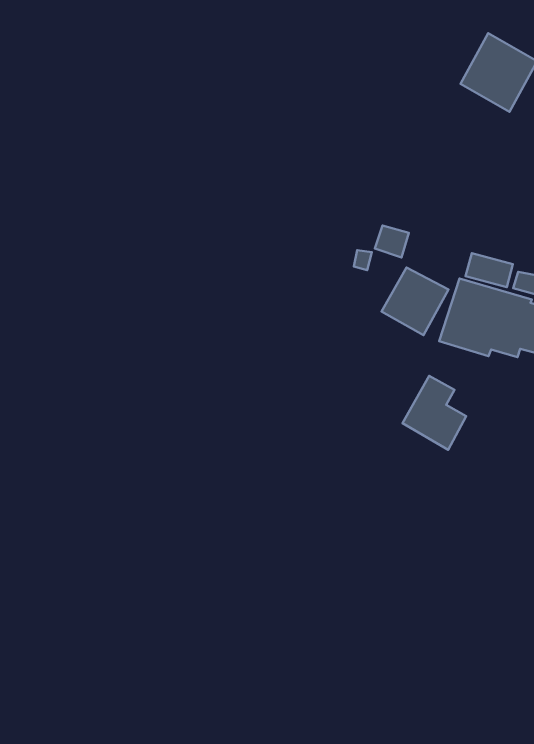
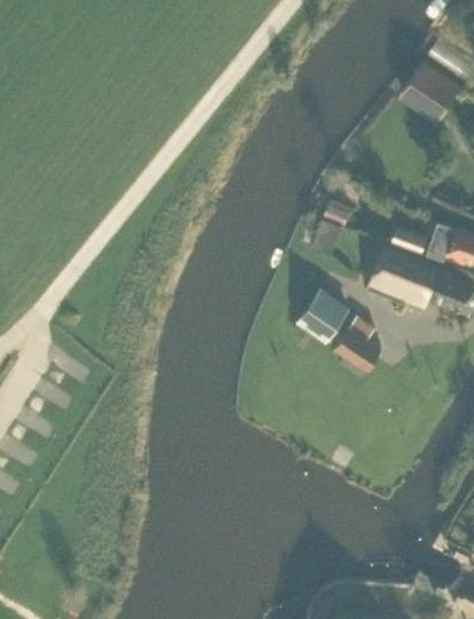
building: [381,267,449,335] -> [299,289,351,341]

